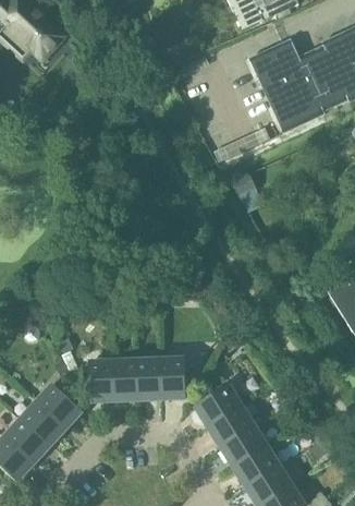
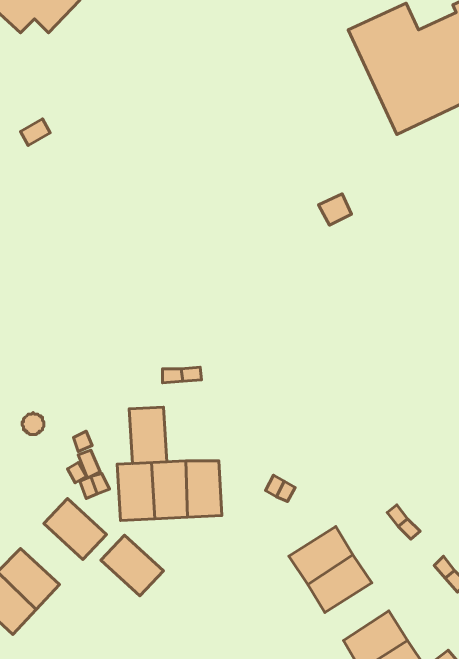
building: [160,358,186,397] -> [129,407,167,463]
building: [196,385,242,425] -> none
building: [22,402,65,445] -> [101,535,163,596]
building: [234,444,279,484] -> none

